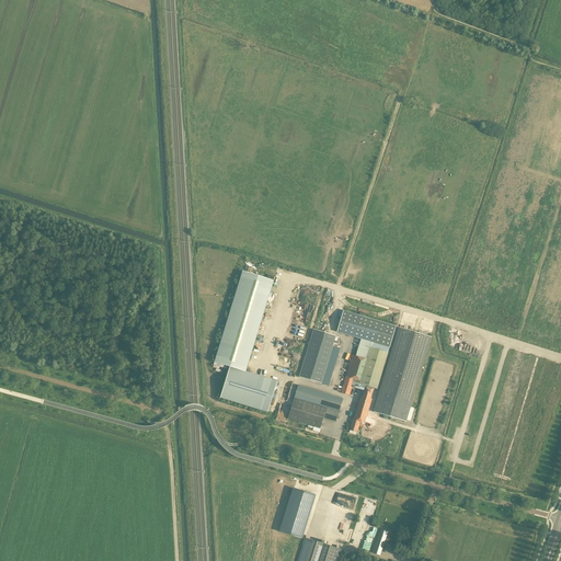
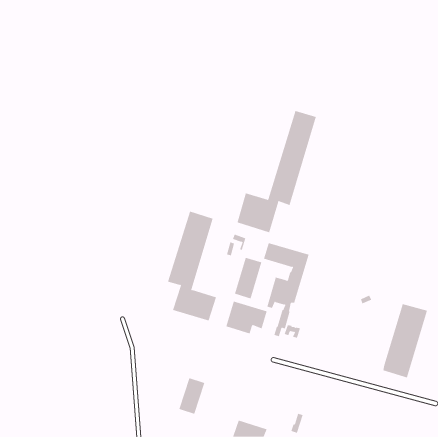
building: none -> [237,110,317,233]
building: [374,325,432,421] -> [382,304,428,378]
building: [280,488,314,535] -> [179,378,205,414]

